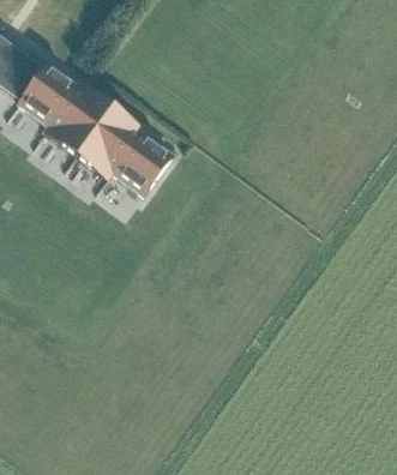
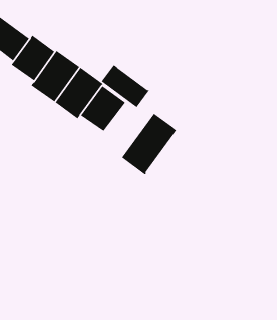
building: none -> [101,64,149,108]
building: none -> [121,113,178,175]

